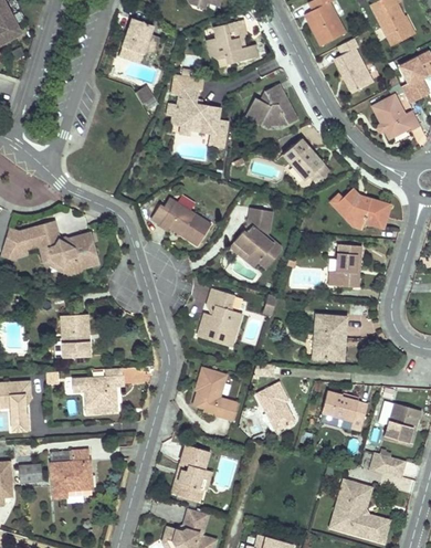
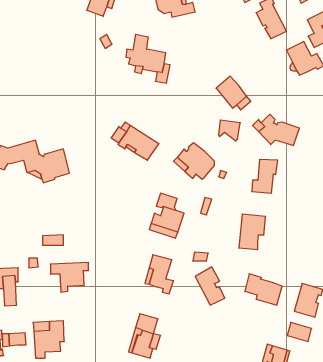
building: [244,84,297,126] -> none
building: [246,209,274,235] -> [218,120,240,141]
building: [61,314,88,342] -> none

